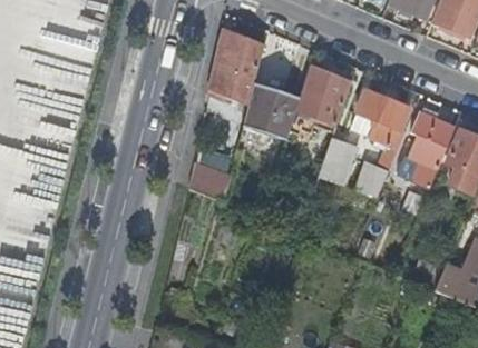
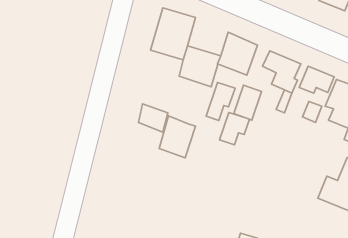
building: none -> [206,83,235,120]
building: none -> [219,113,250,145]
building: none -> [159,116,196,158]

